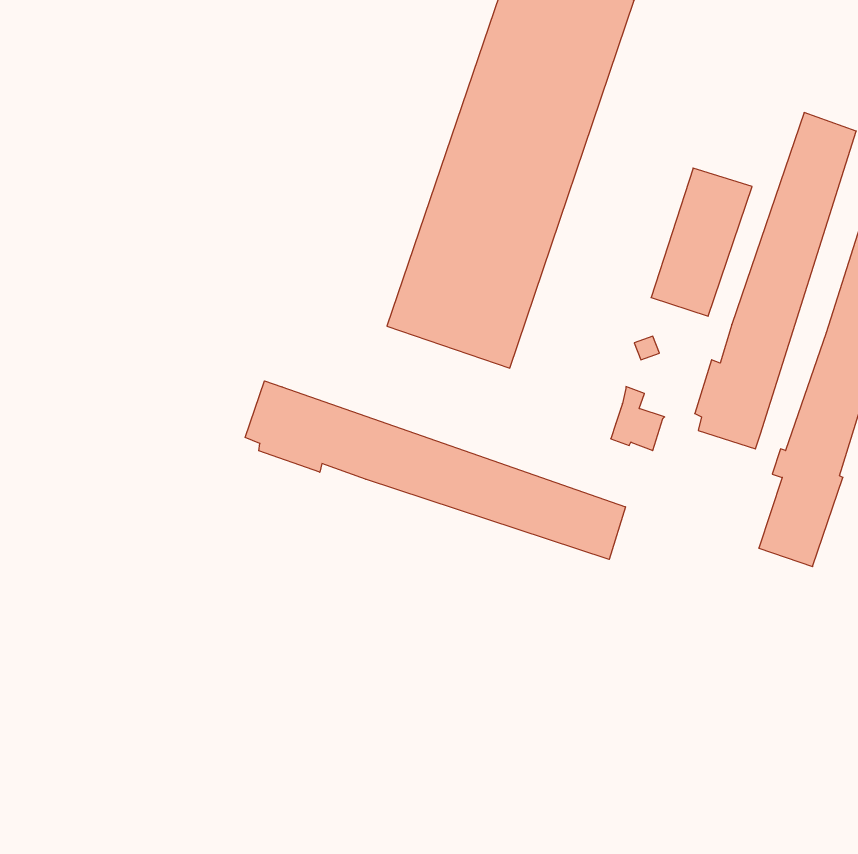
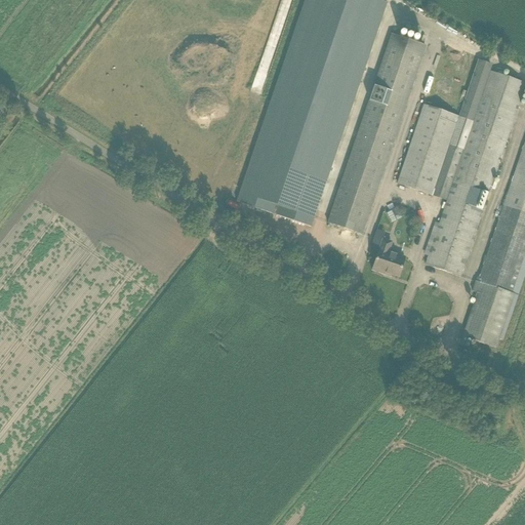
building: none -> [328,32,426,232]
building: none -> [433,57,493,198]
building: [245,381,625,559] -> none

